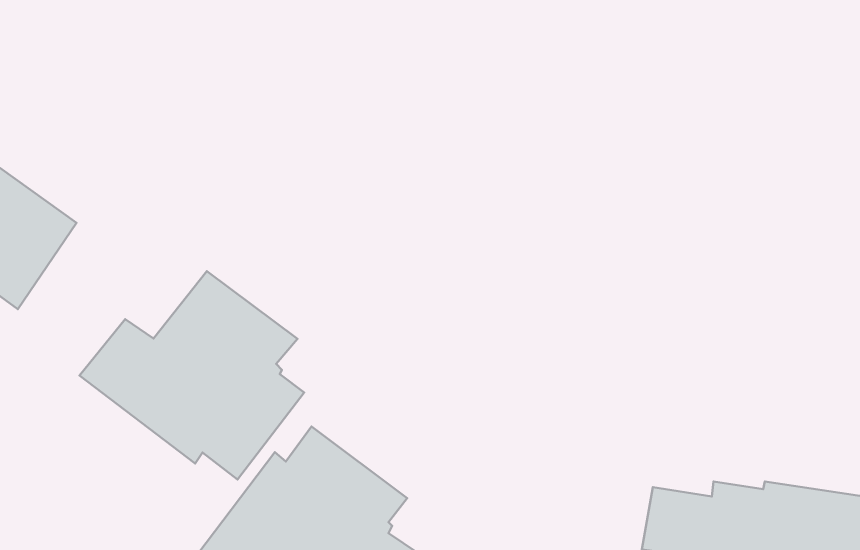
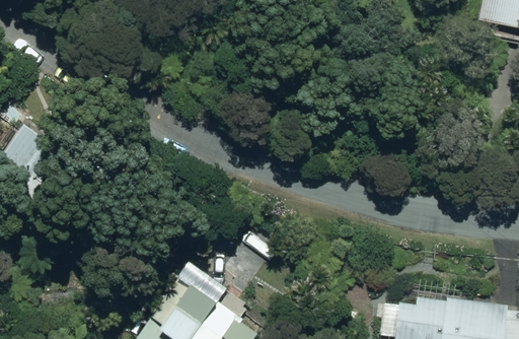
building: [79,271,304,480] -> none

